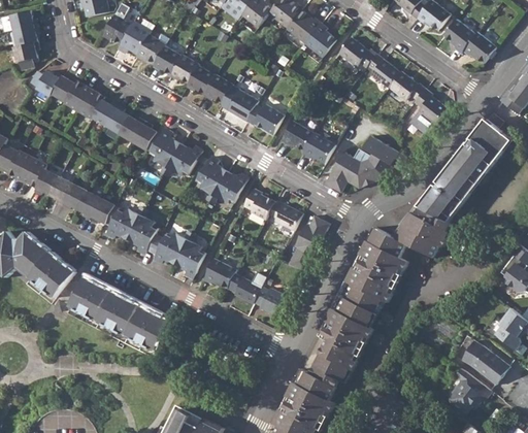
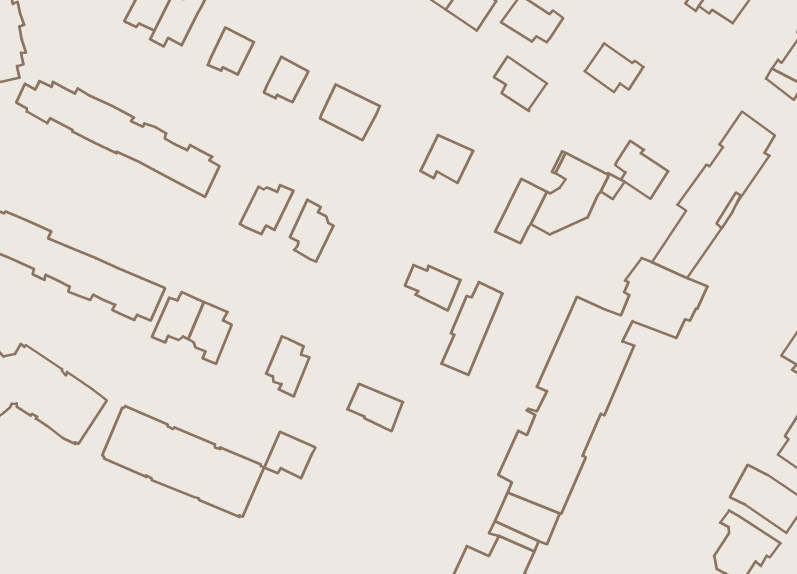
building: [135,33,165,62] -> none
building: [367,52,400,87] -> [494,57,547,111]
building: [170,53,199,81] -> none
building: [203,73,232,102] -> none
building: [414,87,447,124] -> [615,141,668,199]
building: [245,103,285,133] -> none
building: [150,127,178,167] -> none
building: [302,131,335,162] -> none
building: [211,171,246,201] -> none
building: [242,186,272,218] -> none
building: [154,232,187,262] -> none
building: [202,258,235,288] -> [264,432,315,478]
building: [253,285,290,317] -> none

